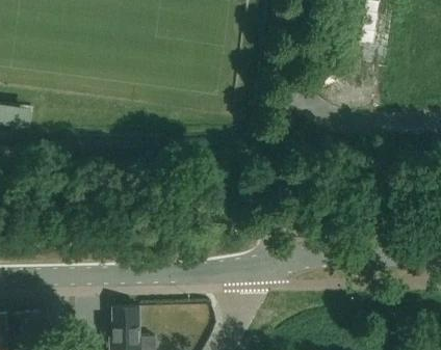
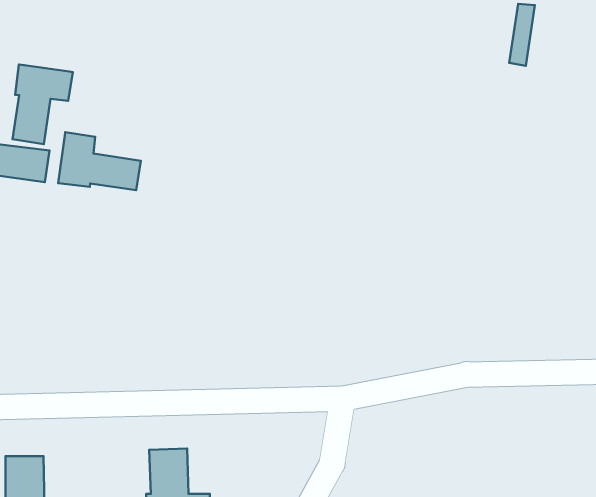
building: none -> [12,64,73,144]
building: none -> [58,132,141,190]

